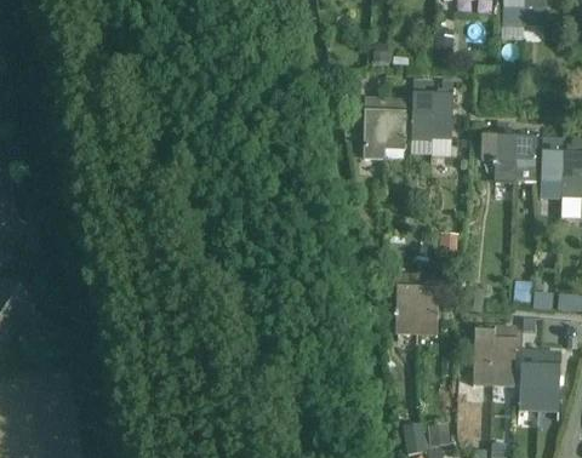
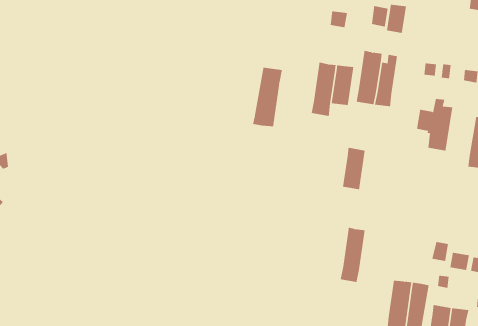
building: none -> [253,67,283,127]
building: [514,134,535,184] -> none
building: [396,276,417,321] -> [342,147,365,190]

